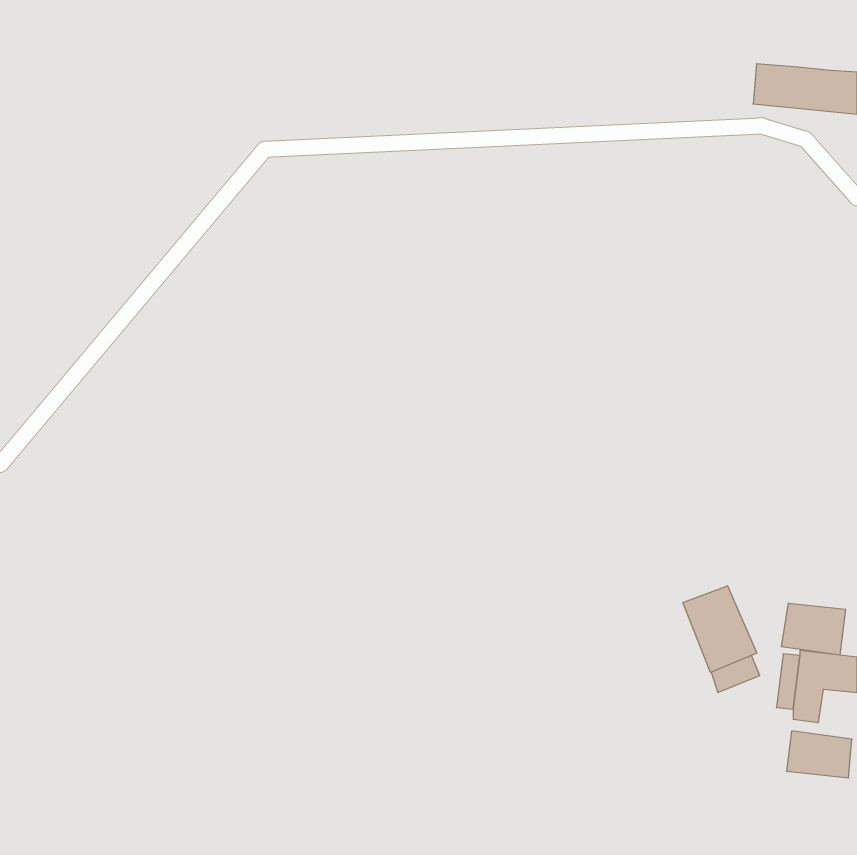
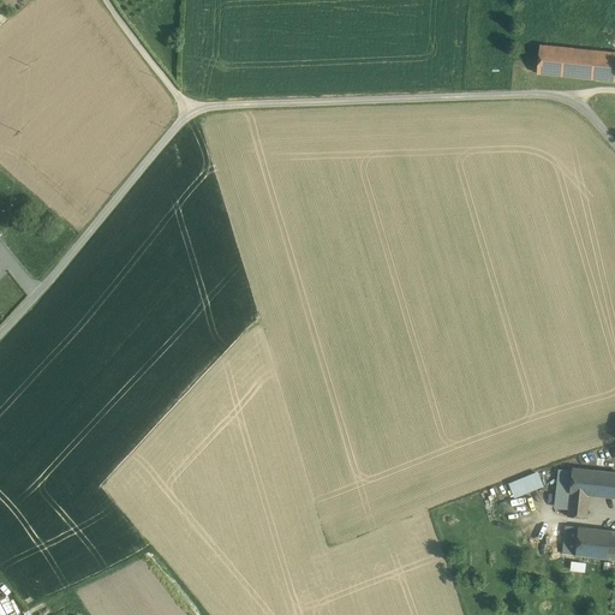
building: [683,586,757,672] -> none
building: [782,603,846,655] -> none

